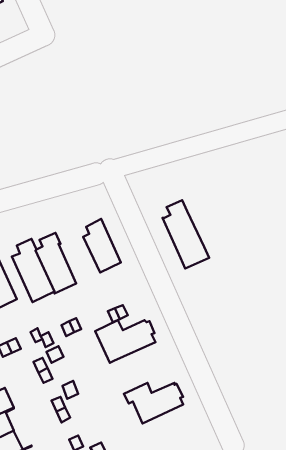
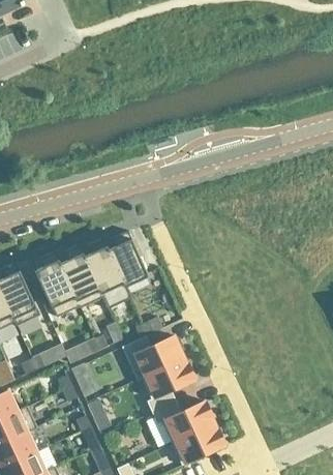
building: [162,200,209,269] -> [83,238,131,309]
building: none -> [141,359,195,413]
building: none -> [171,424,225,466]

